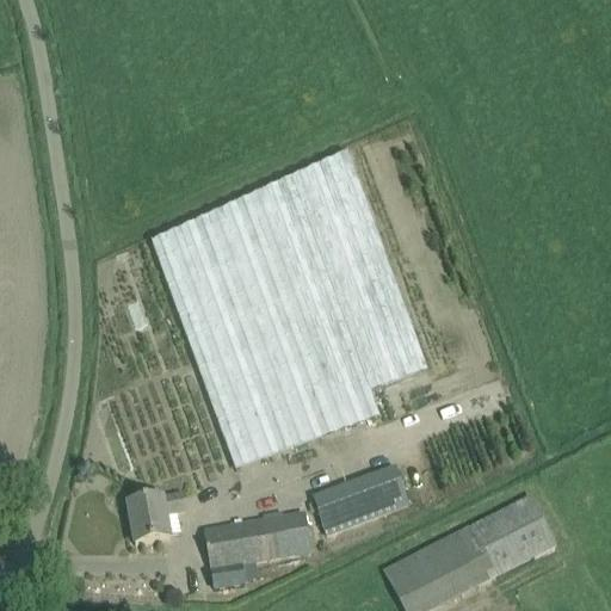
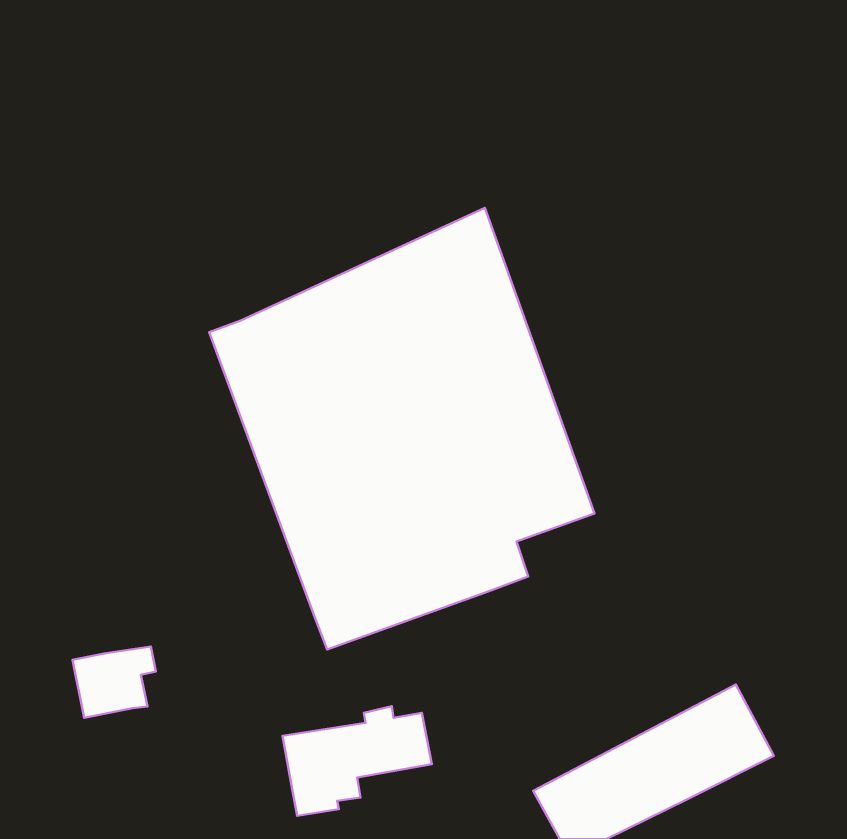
building: [307,463,408,533] -> none
building: [126,490,186,542] -> [73,647,156,718]

